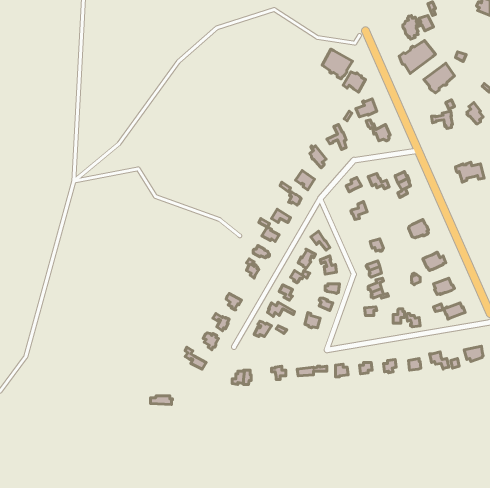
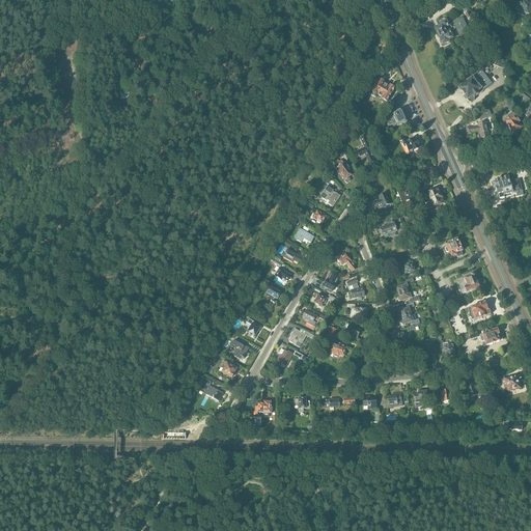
building: [399,41,436,74] -> none
building: [322,49,352,79] -> none

